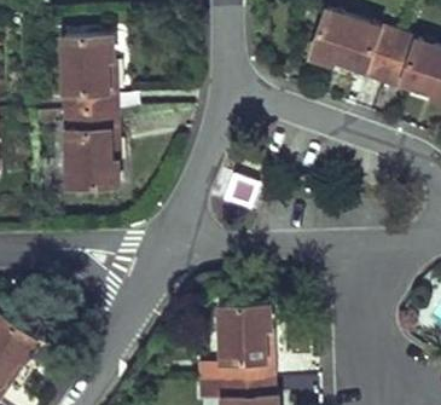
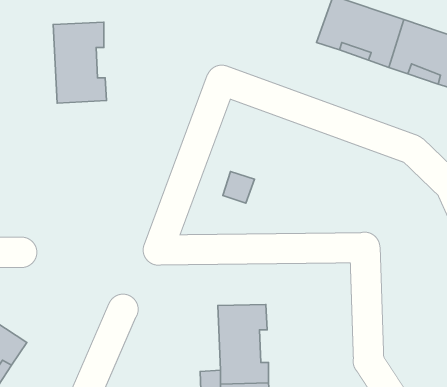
building: [66,110,117,187] -> none

